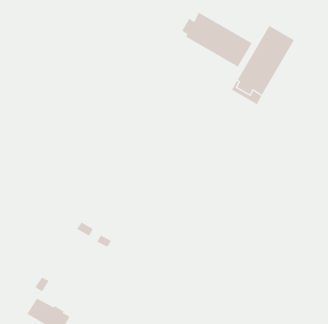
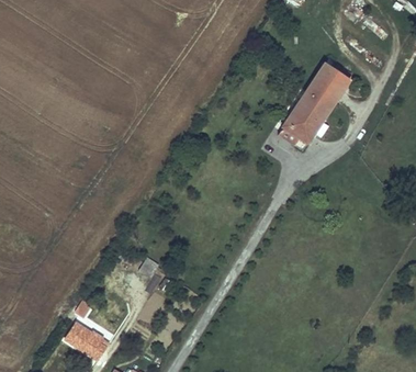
building: [181,12,253,68] -> none

